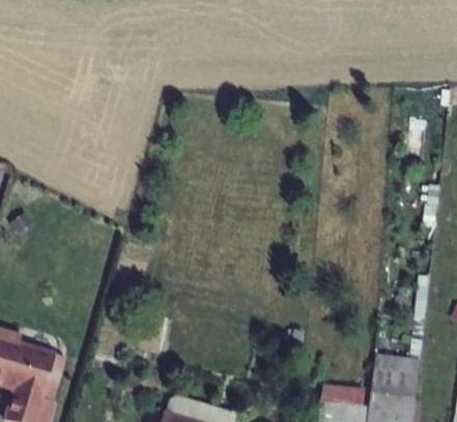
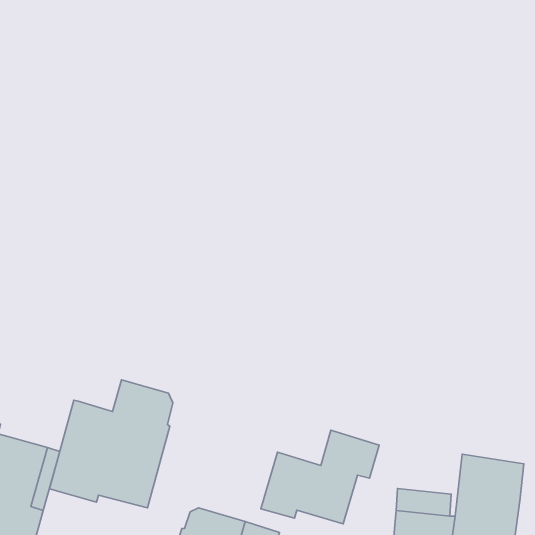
building: none -> [49,380,173,508]
building: none -> [261,430,379,524]

